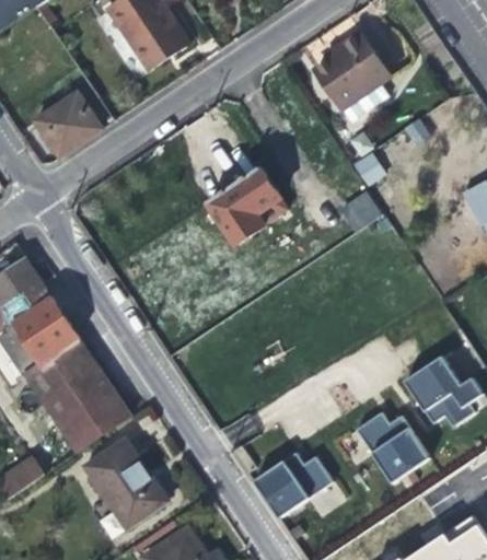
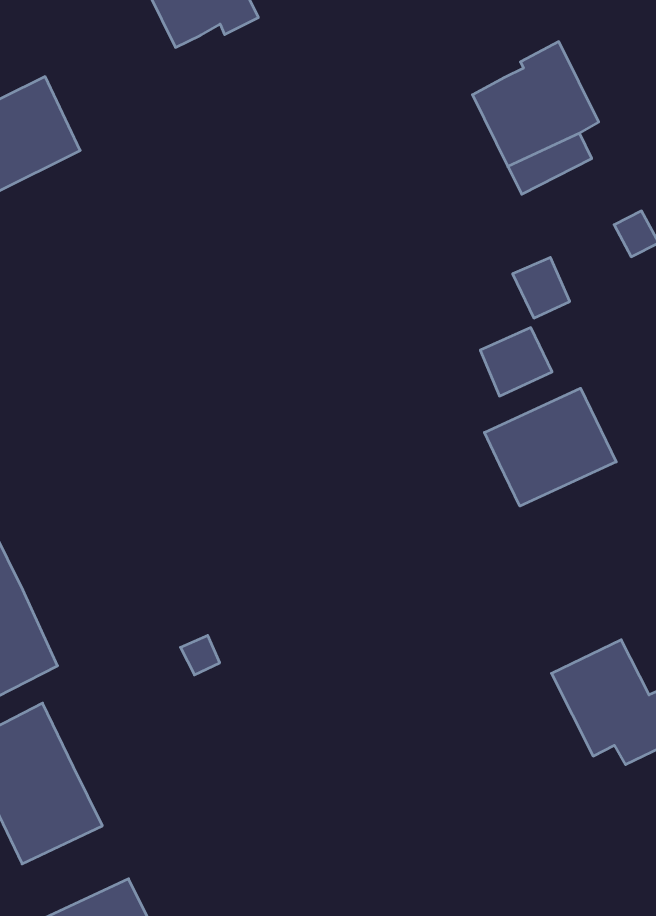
building: [207,171,280,245] -> none
building: none -> [484,388,616,506]
building: [356,412,430,483] -> none
building: [254,453,333,517] -> none

